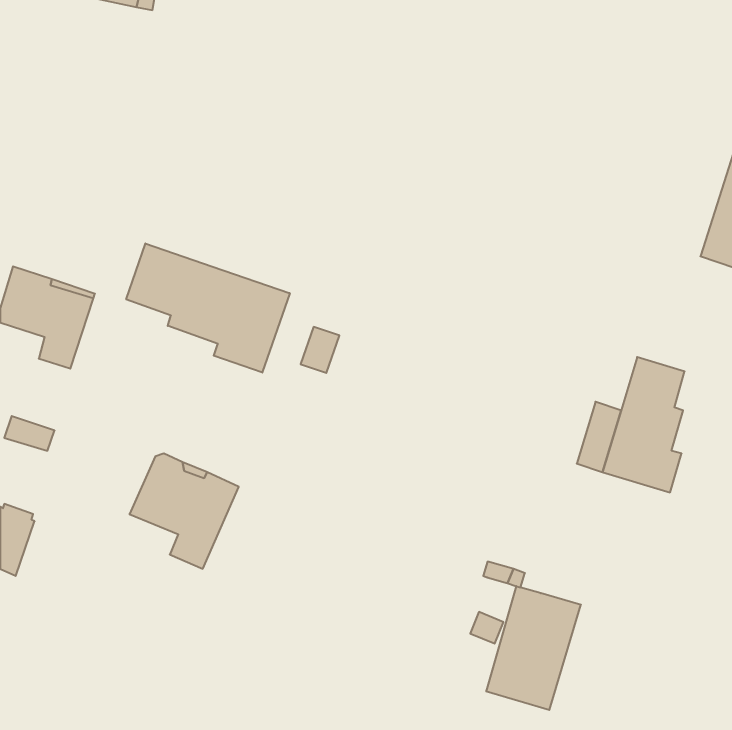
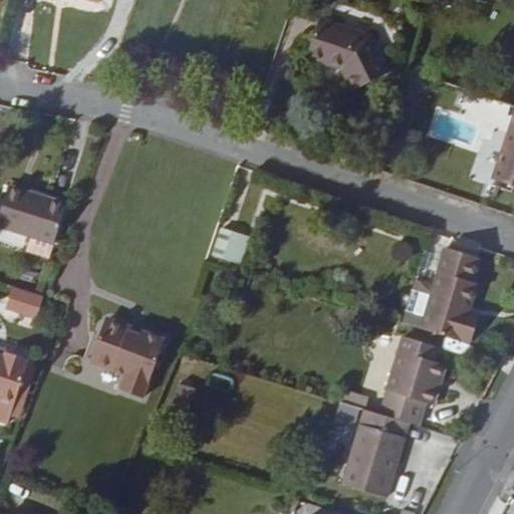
building: none -> [304,16,388,89]
building: [126,243,290,373] -> none
building: none -> [379,337,444,425]

